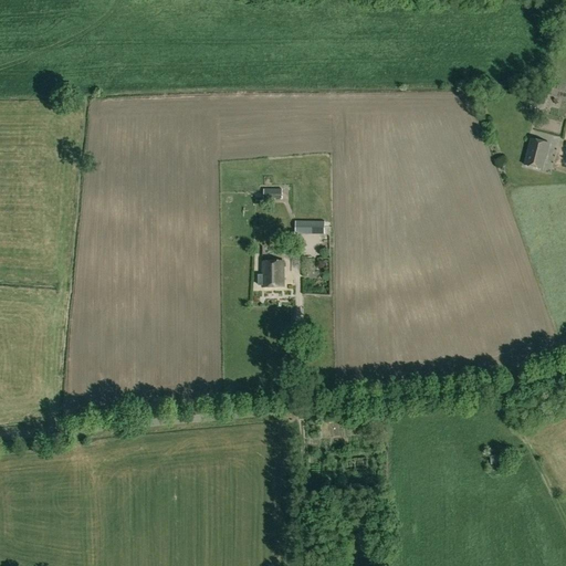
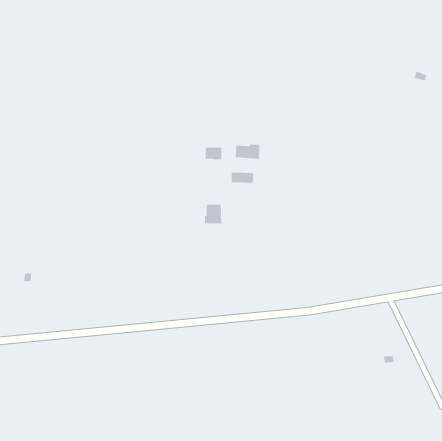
building: [525,138,551,169] -> none
building: none -> [235,144,260,160]

